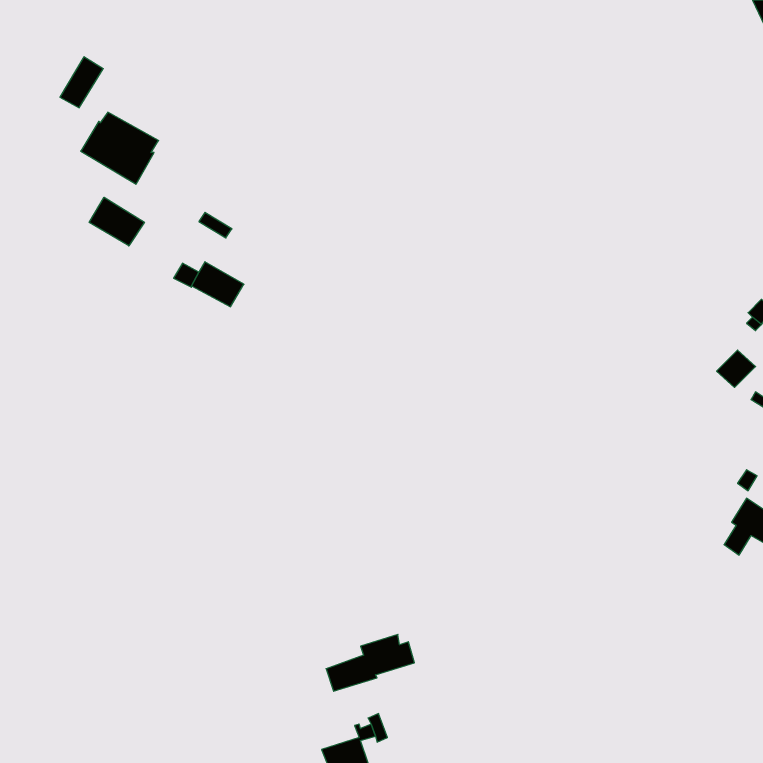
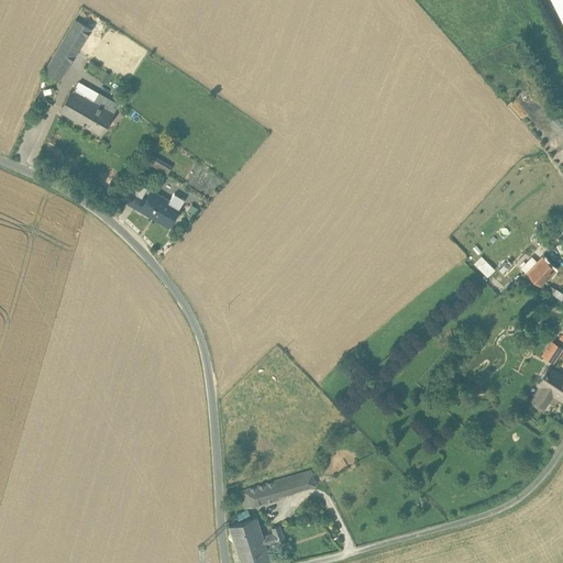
building: none -> [63,20,91,52]
building: [89,197,144,246] -> none
building: none -> [230,519,265,552]

